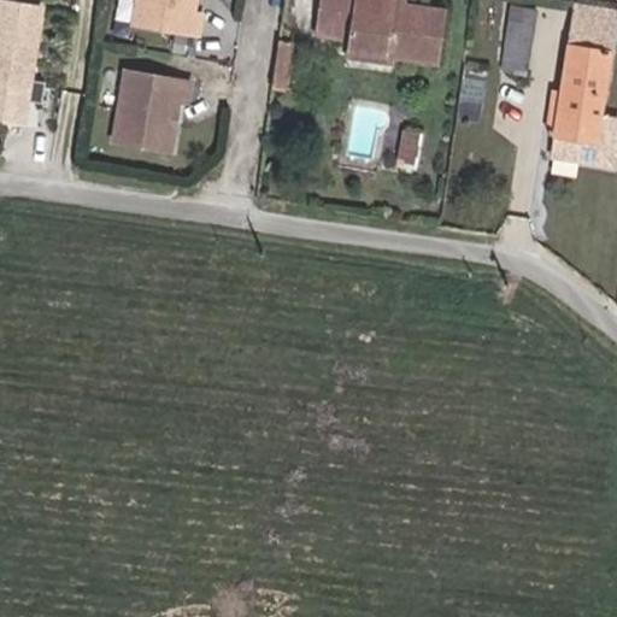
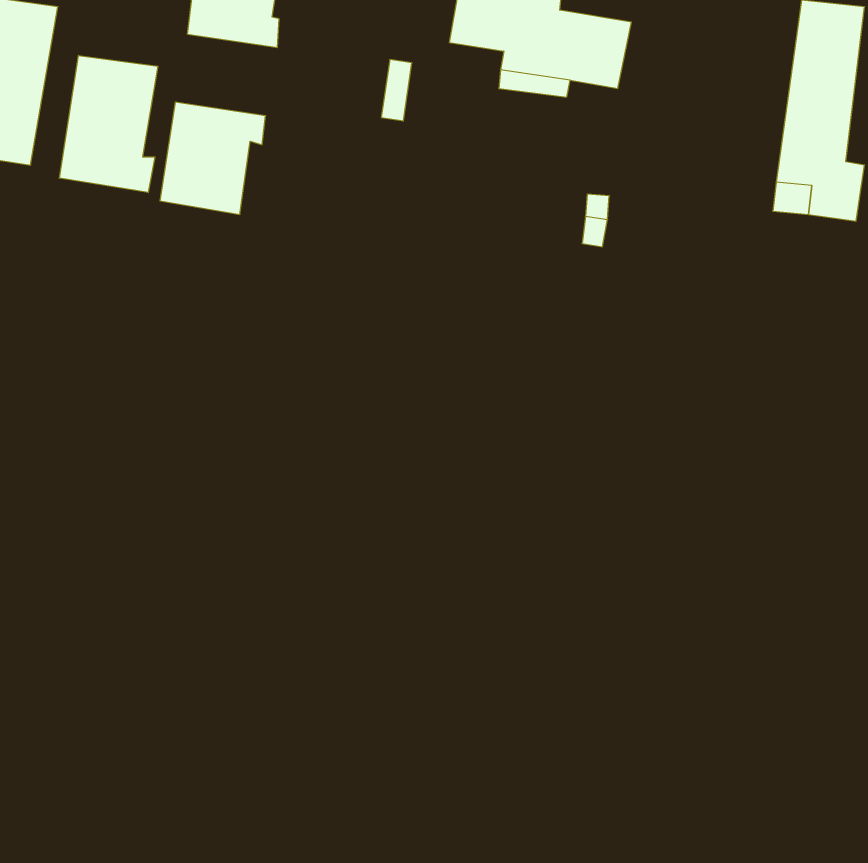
building: [507,7,539,64] -> none
building: none -> [59,55,158,193]

